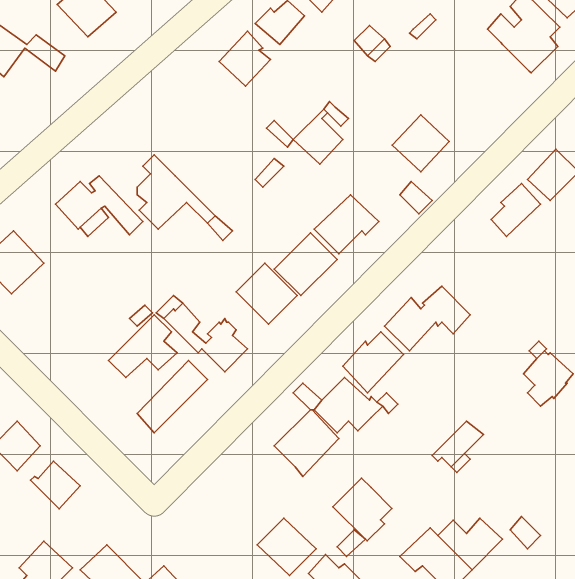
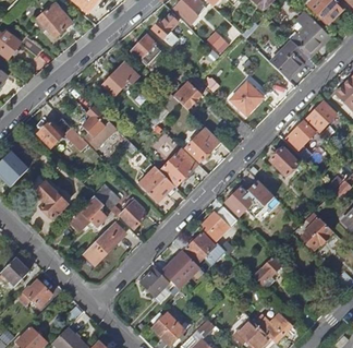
building: none -> [270,40,308,79]
building: none -> [102,61,139,95]
building: none -> [269,146,299,176]
building: none -> [35,181,68,218]
building: [333,478,392,541] -> [141,265,174,301]

